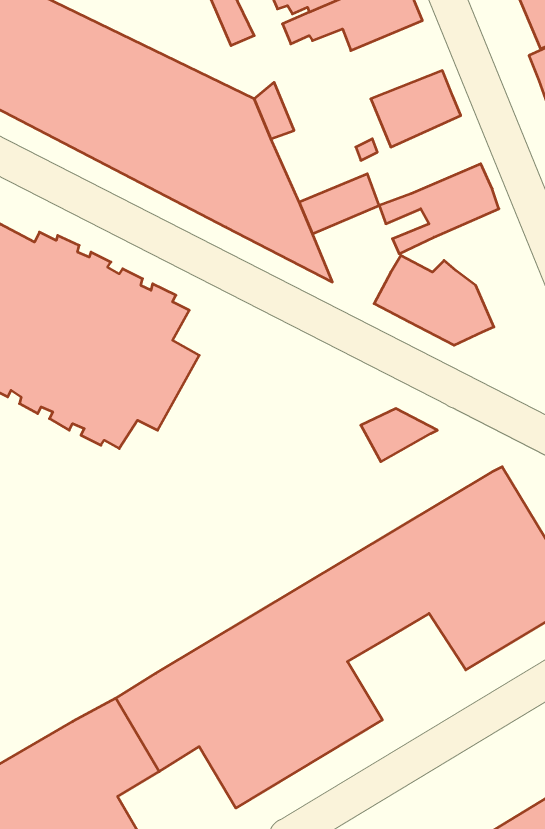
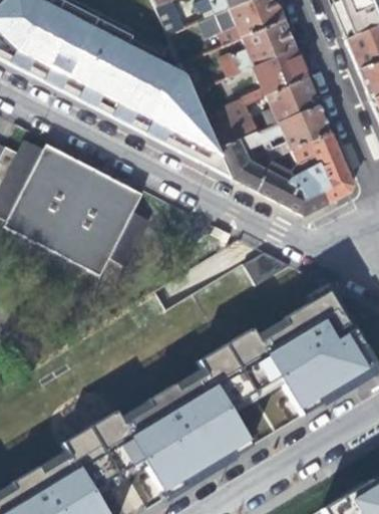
building: none -> [221,18,295,75]
building: none -> [264,75,318,122]
building: none -> [217,130,264,189]
building: none -> [290,132,351,203]

